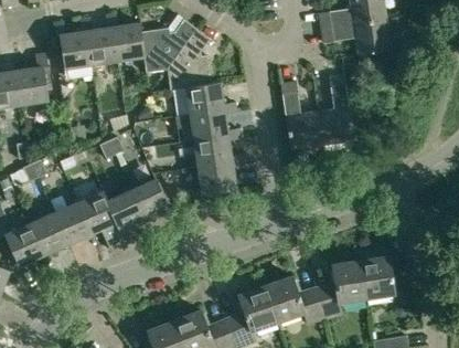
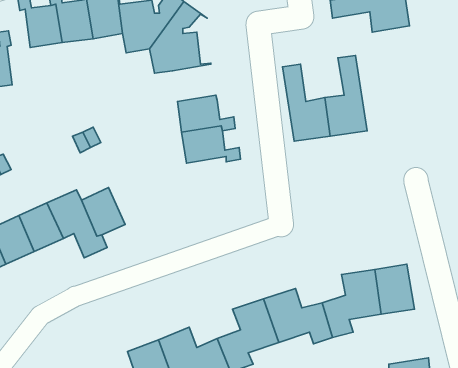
building: [185,83,236,115] -> none
building: [189,162,235,200] -> none
building: [130,179,169,221] -> none

